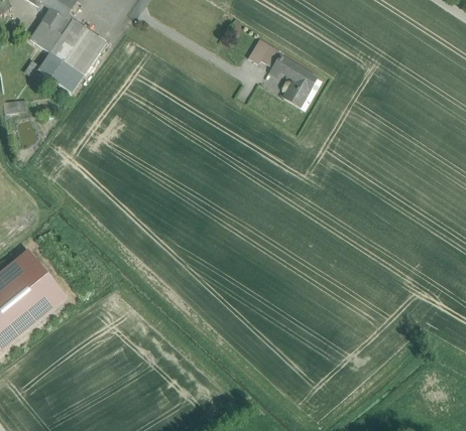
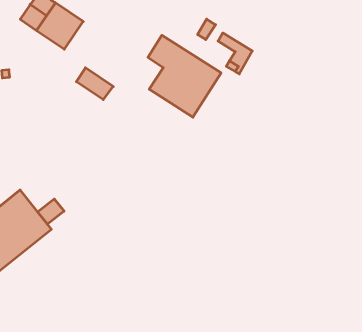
building: [38,52,84,92] -> [76,68,113,100]
building: none -> [148,35,221,117]
building: none -> [37,199,64,224]

